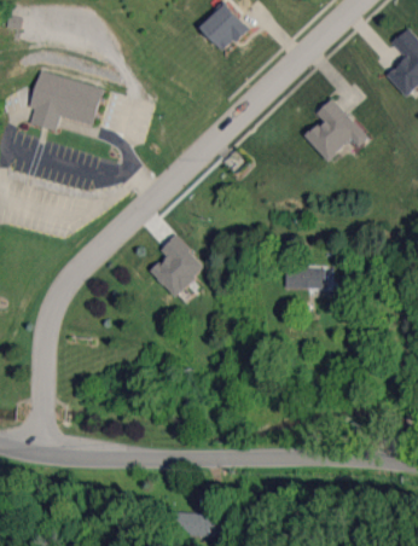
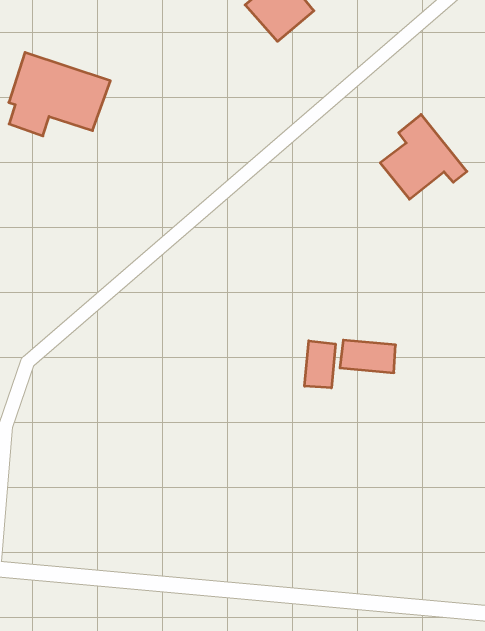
building: [150,236,205,296] -> none
building: none -> [305,341,335,388]

